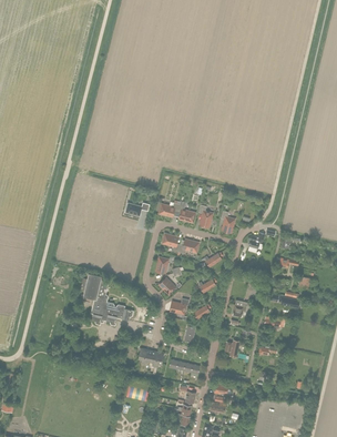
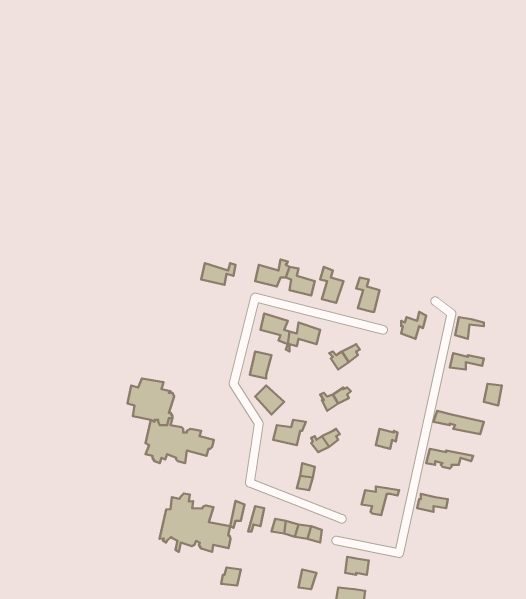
building: none -> [160,494,231,552]

